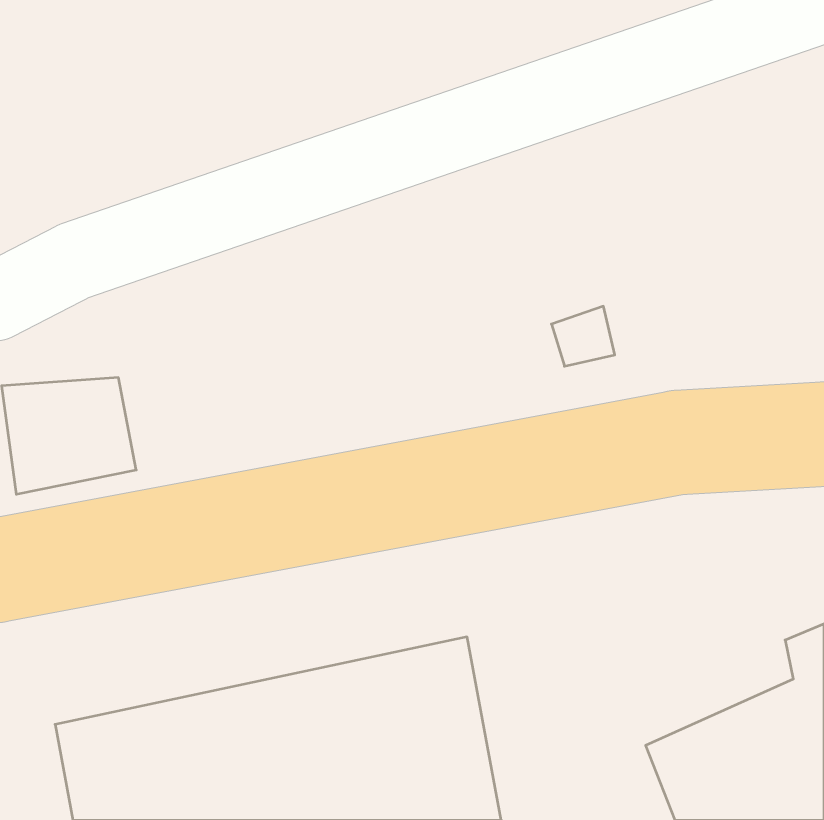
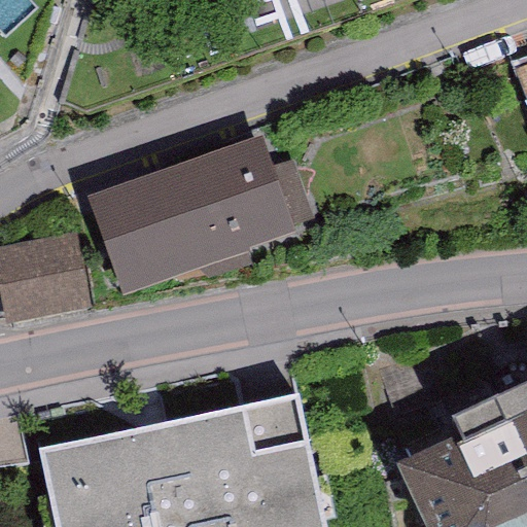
building: none -> [101,147,293,272]

